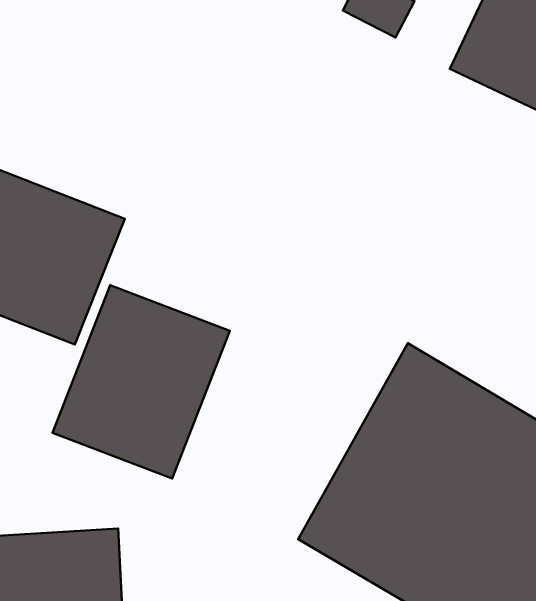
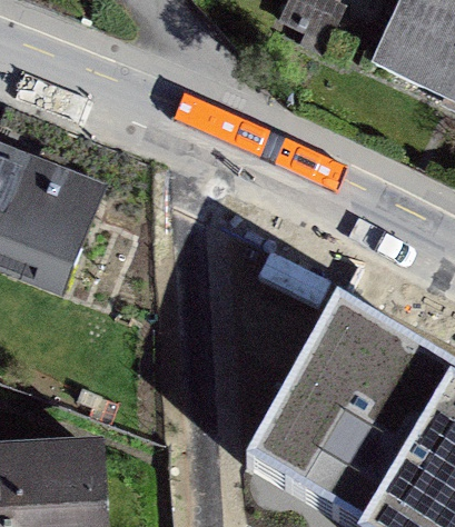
building: [52,285,230,479] -> none

